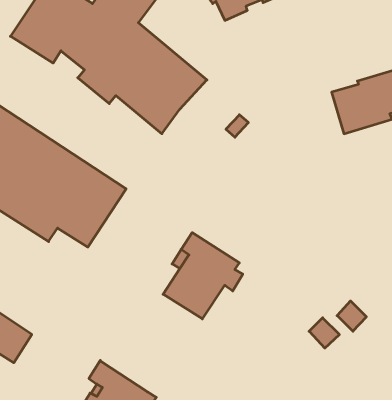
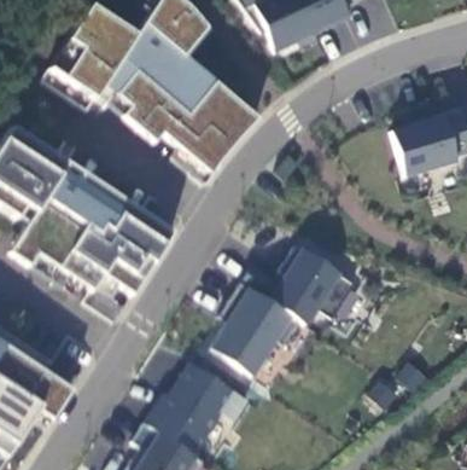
building: none -> [244,243,358,323]
building: none -> [146,361,250,453]

